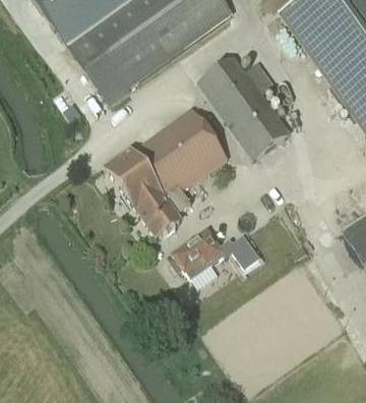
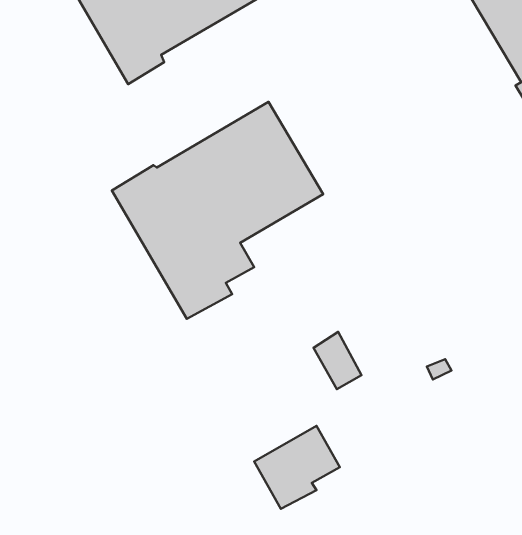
building: [197,56,288,158] -> none
building: [172,227,221,276] -> [254,426,340,509]

